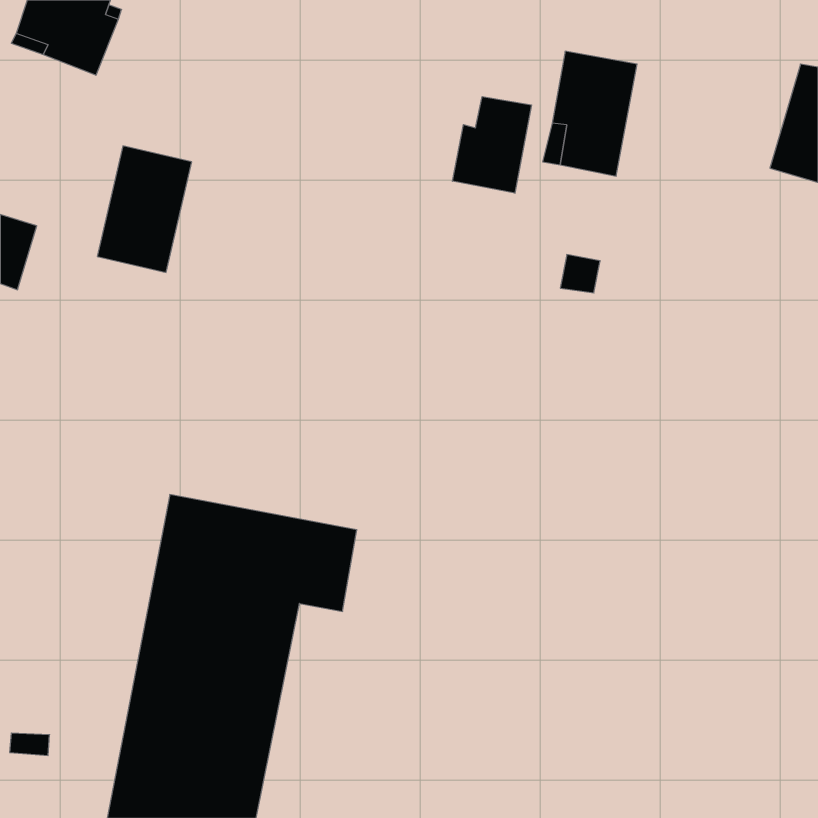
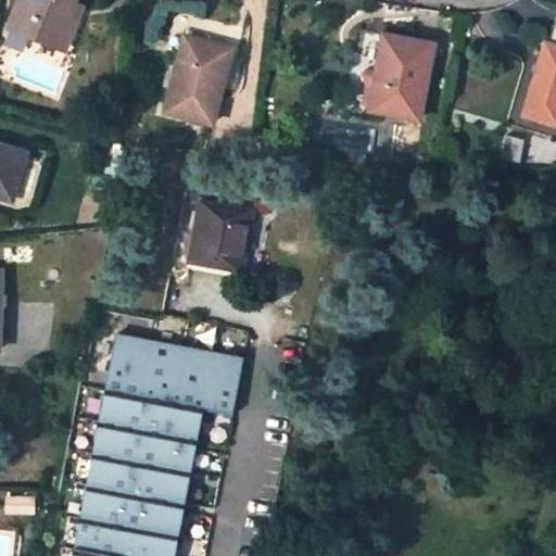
building: [452,97,531,193] -> none
building: [97,146,192,272] -> [166,38,230,124]
building: none -> [189,202,252,269]

